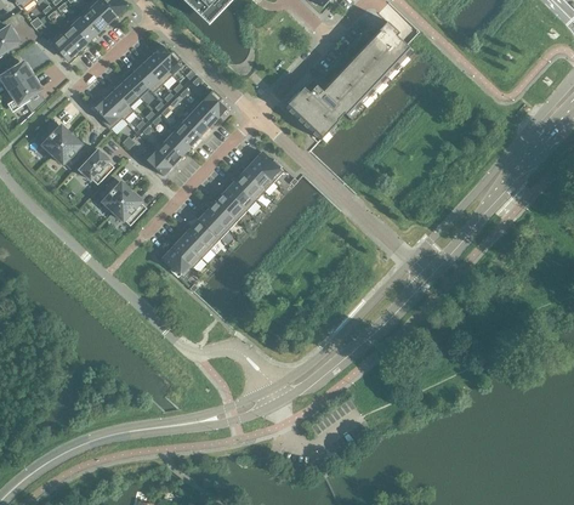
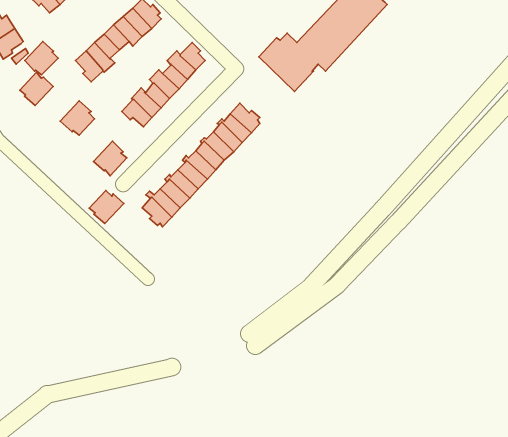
building: [52,135,86,169] -> [25,42,58,75]
building: [96,177,131,211] -> [89,190,124,224]

